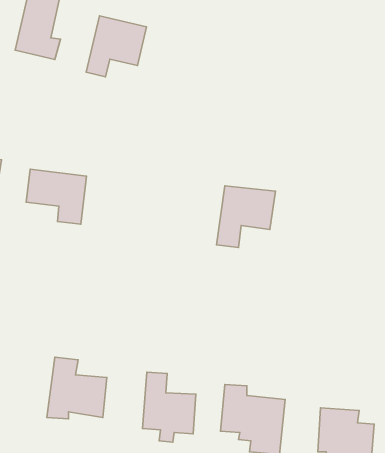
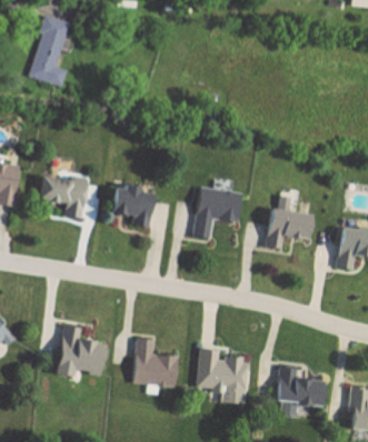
building: [86,16,146,77] -> none
building: none -> [110,184,153,228]
building: none -> [266,189,310,249]

